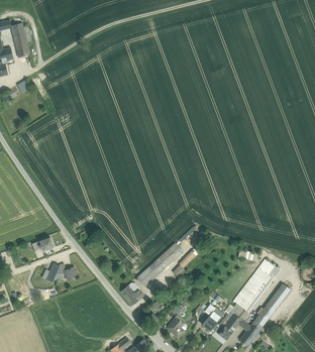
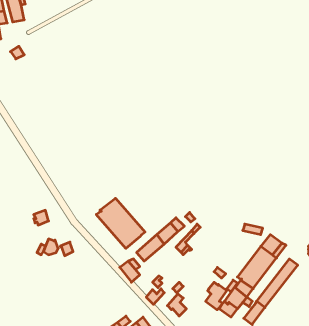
building: none -> [96,198,145,248]

